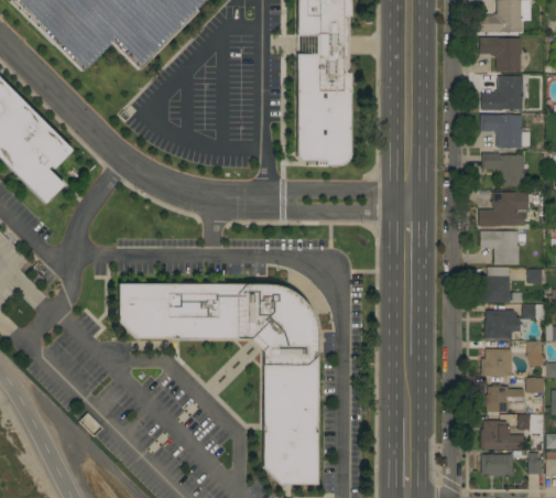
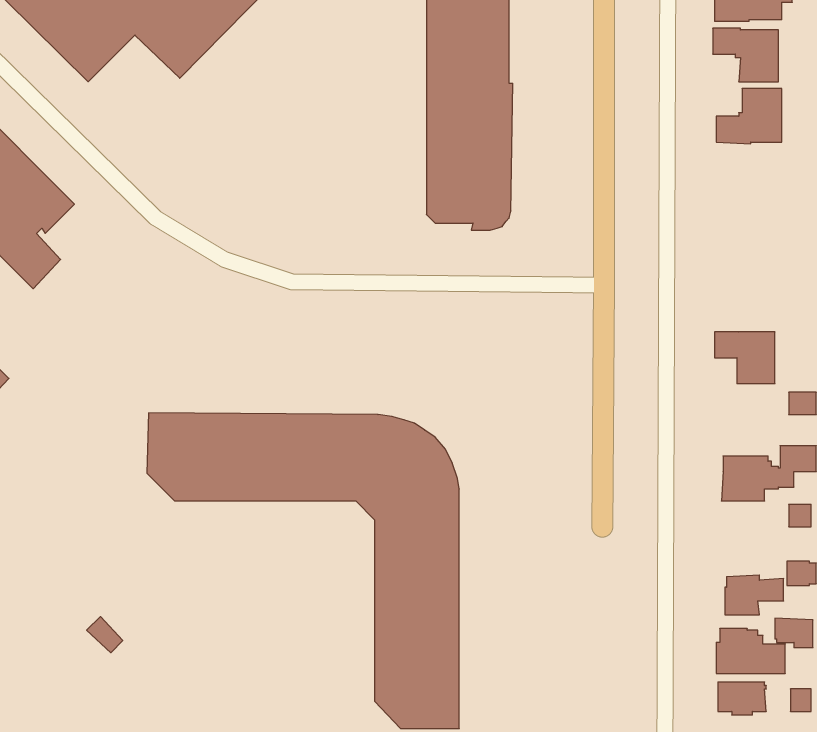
building: [480,115,531,148] -> none
building: [482,153,525,186] -> none
building: [479,193,533,227] -> none
building: [482,267,522,303] -> none
building: [481,349,512,377] -> none

